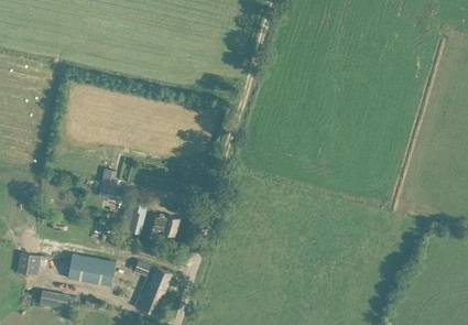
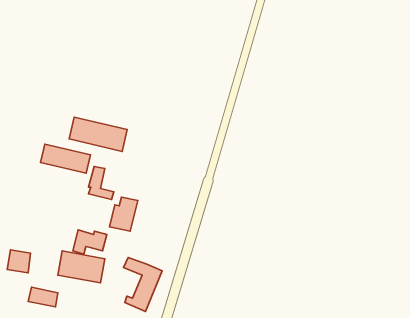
building: none -> [69,117,127,152]
building: none -> [41,144,90,173]
building: [145,214,179,238] -> [73,230,107,254]

